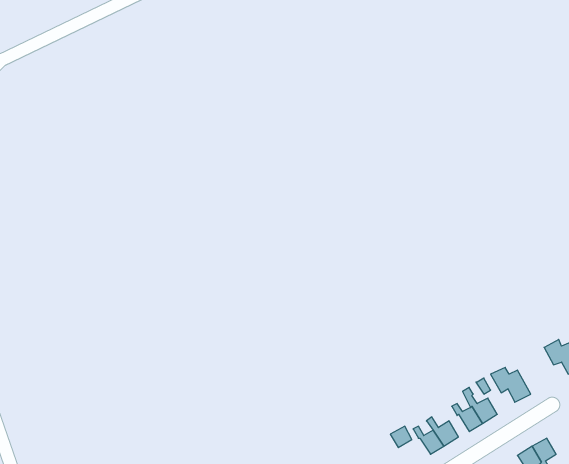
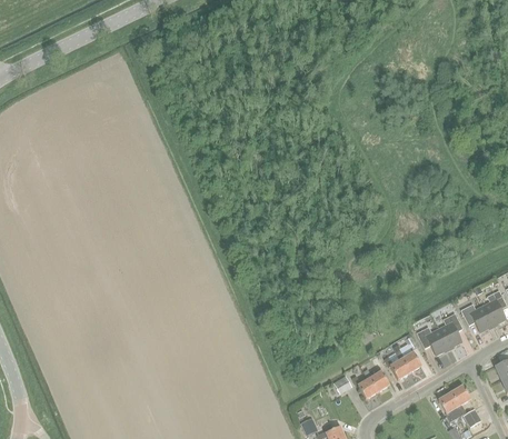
building: none -> [439,313,464,349]

